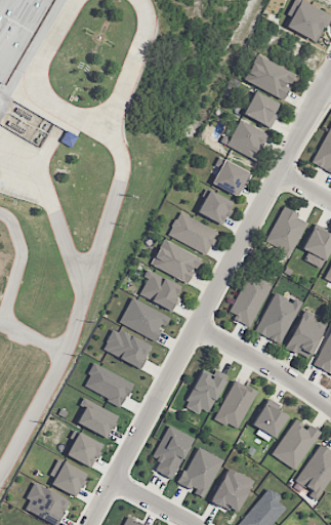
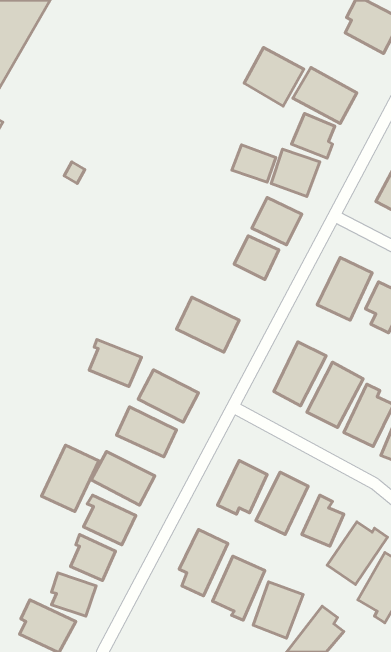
building: none -> [244,47,304,106]
building: none -> [232,145,276,182]
building: [169,211,219,254] -> none
building: [140,271,182,309] -> [89,339,142,387]
building: none -> [41,445,99,512]

